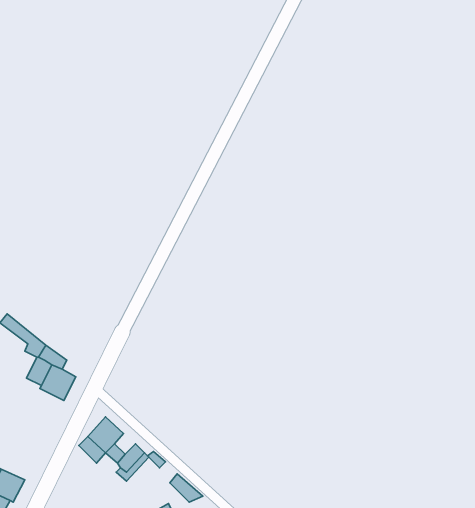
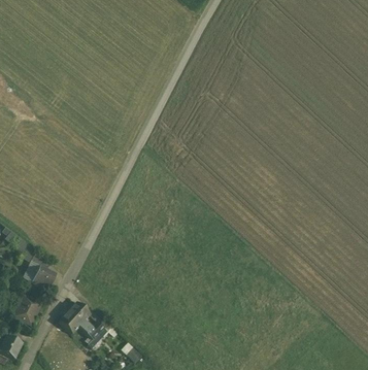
building: none -> [16,294,39,325]

